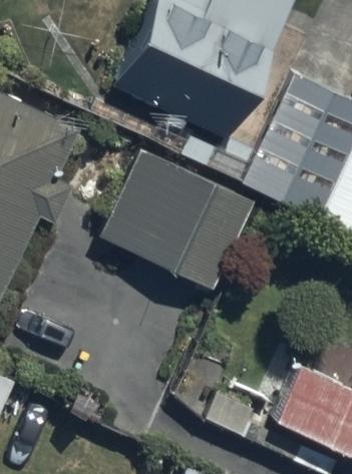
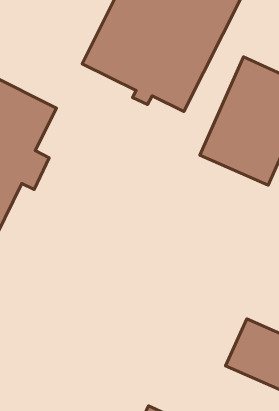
building: [102,153,248,288] -> none

